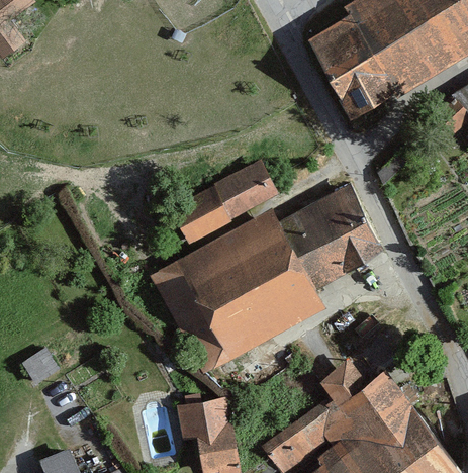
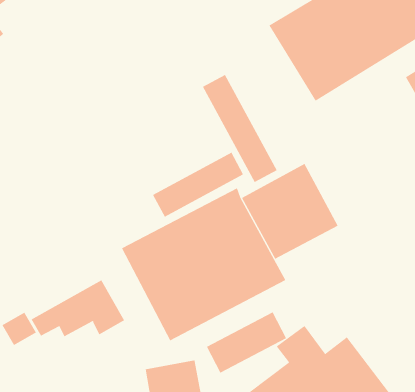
building: none -> [202,74,278,183]
building: none -> [31,279,125,337]
building: none -> [206,312,287,373]

